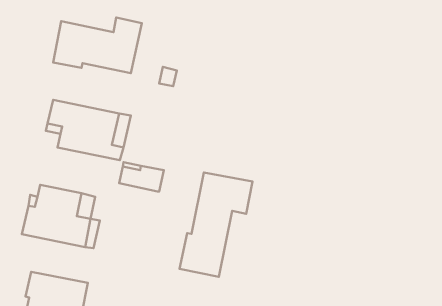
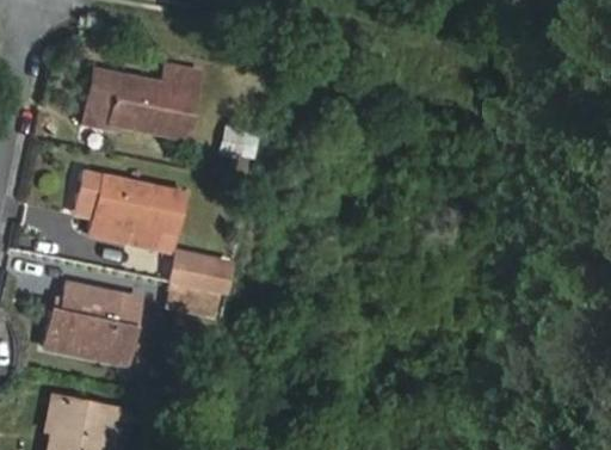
building: [179,173,253,277] -> none
building: none -> [166,279,221,315]

